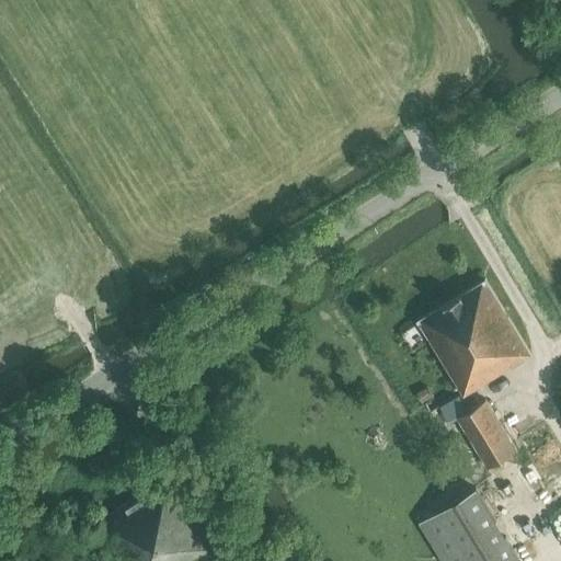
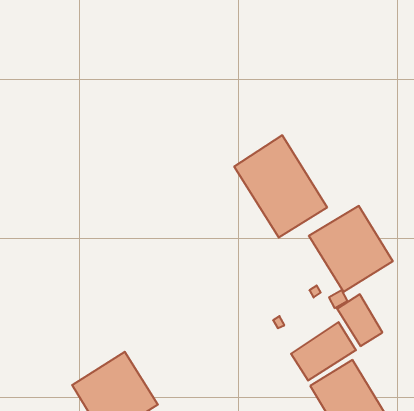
building: none -> [234,135,327,238]
building: none -> [291,322,356,381]

